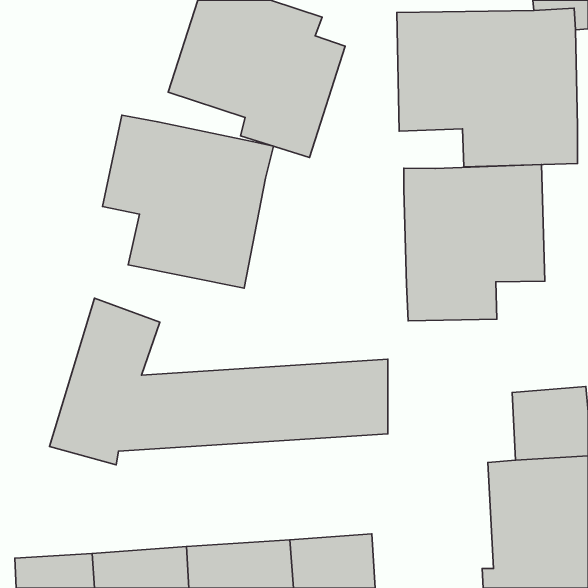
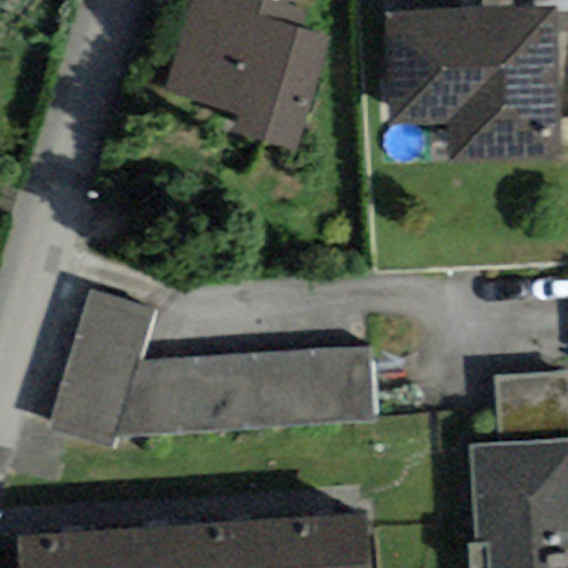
building: [102,115,274,288] -> none
building: [404,164,545,321] -> none

